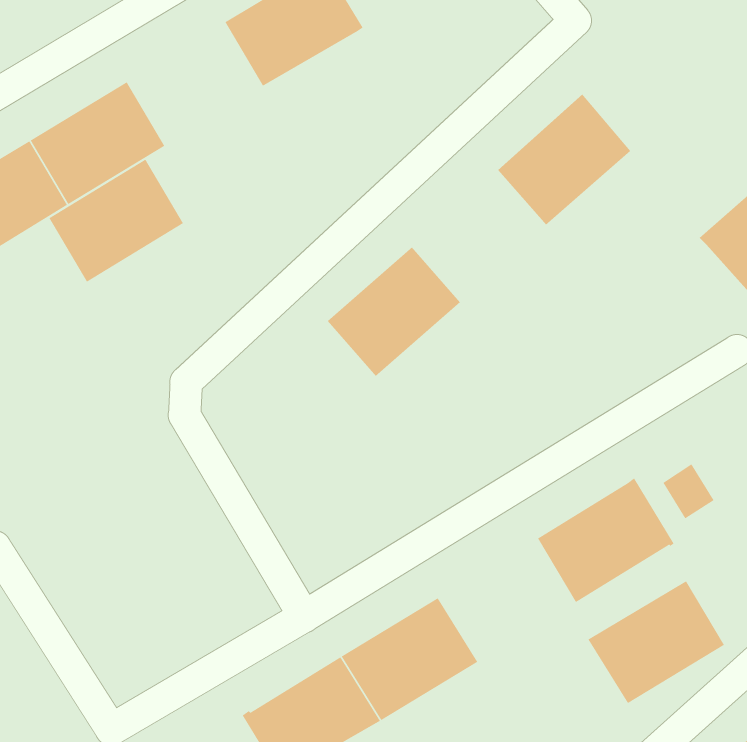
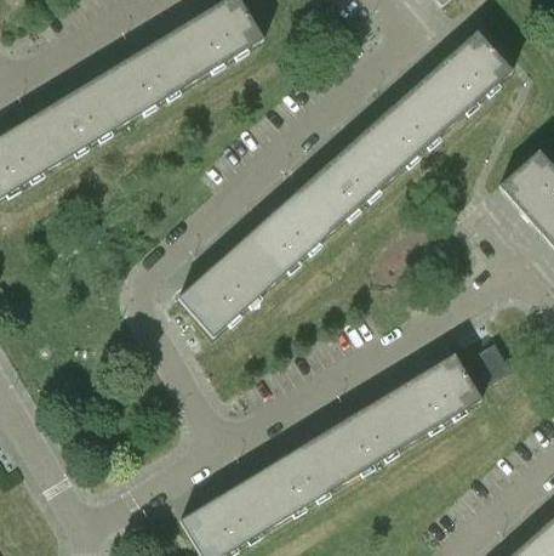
building: none -> [417,32,513,125]
building: [48,159,184,282] -> [99,35,194,121]
building: none -> [298,138,392,231]
building: none -> [178,244,273,337]
building: [588,580,725,704] -> [316,396,412,482]

